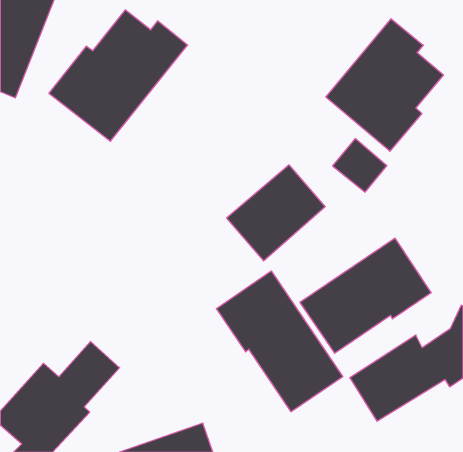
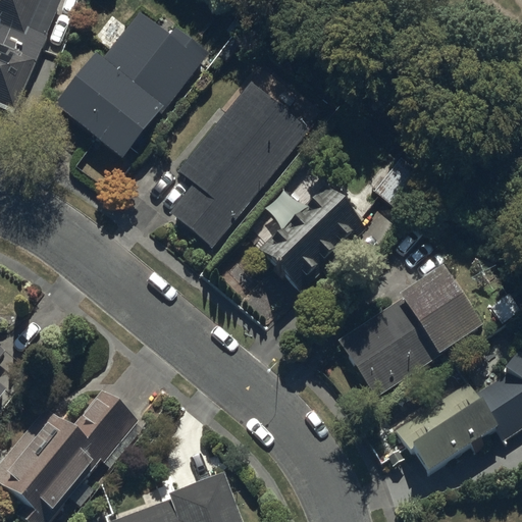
building: [326,19,443,151] -> none
building: none -> [170,82,307,245]
building: [216,271,343,412] -> none

